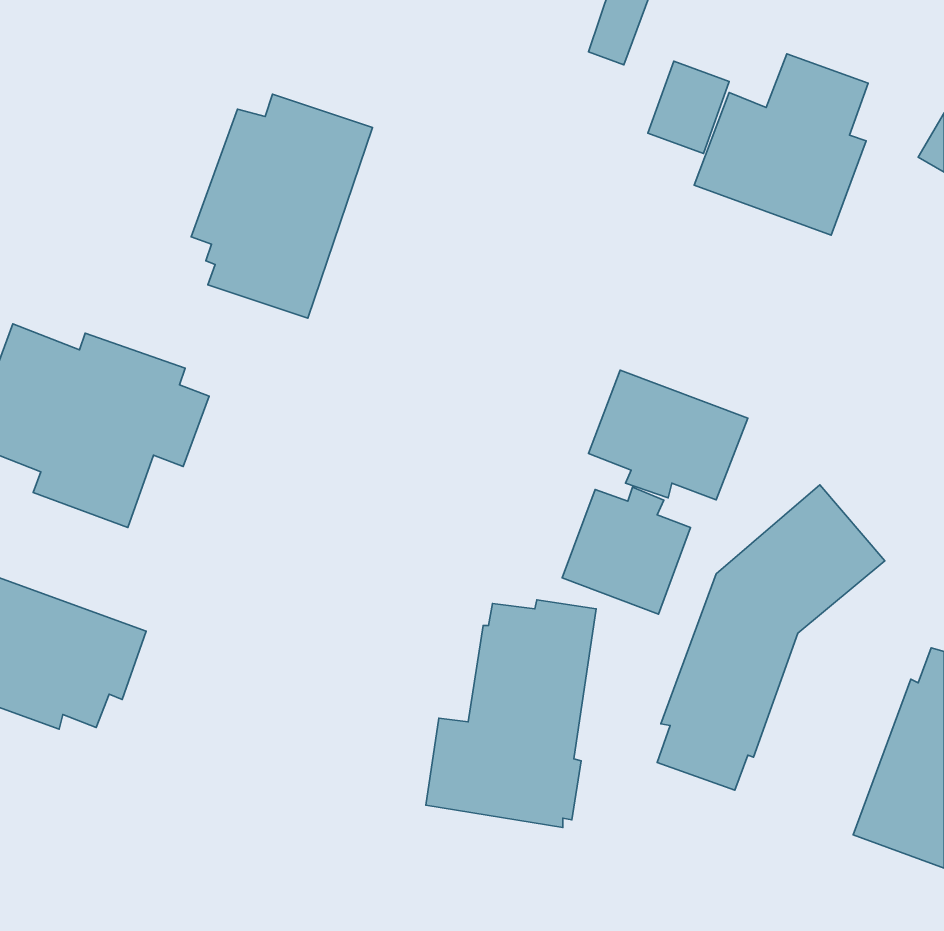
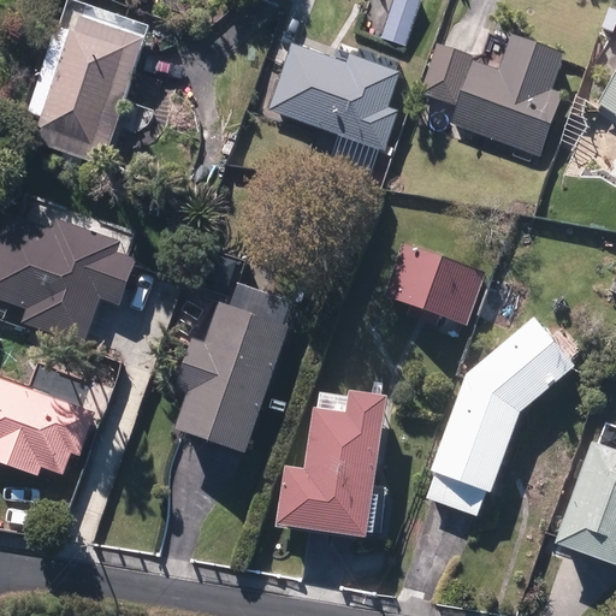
building: none -> [270,42,401,148]
building: [191,94,373,318] -> [26,17,144,162]
building: none -> [174,248,292,455]
building: [562,487,691,614] -> none

